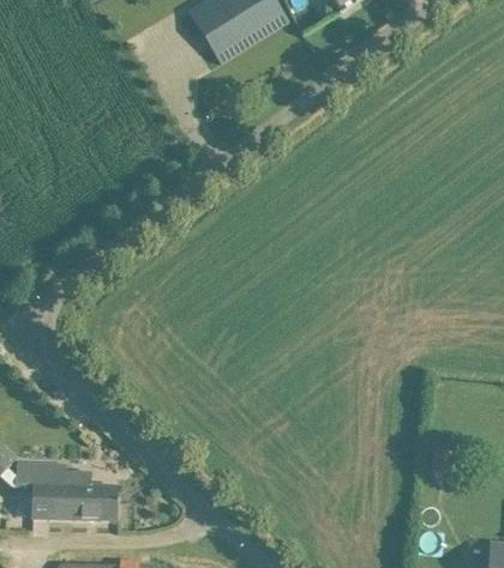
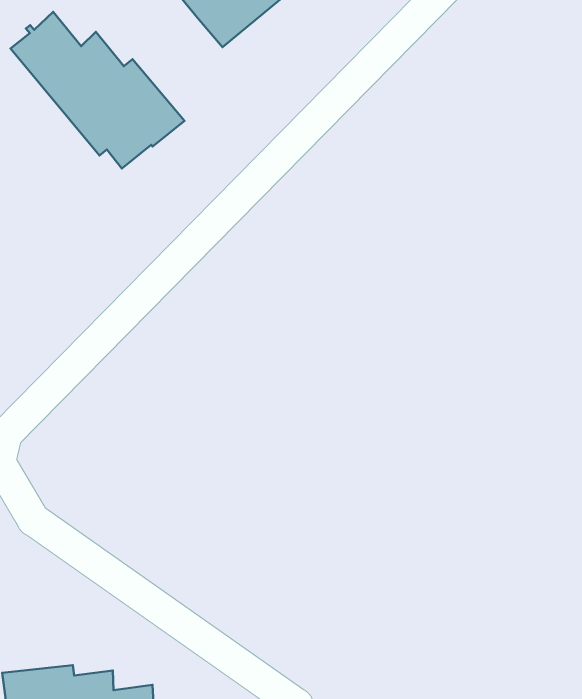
building: none -> [11,12,185,168]

